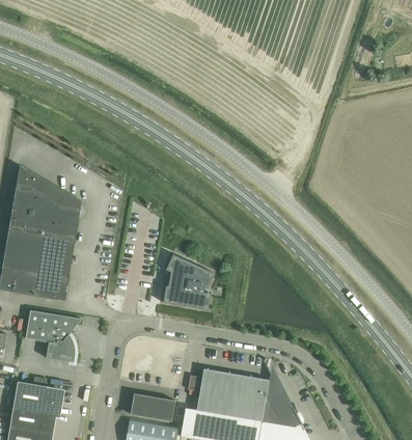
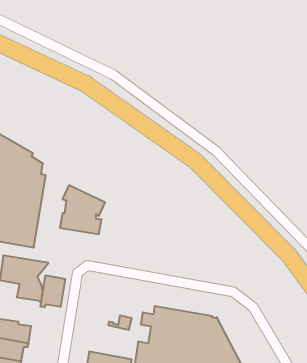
building: [163,254,215,310] -> [60,185,105,234]
building: none -> [41,275,65,307]
building: [131,393,175,421] -> none

